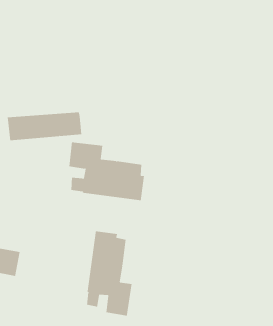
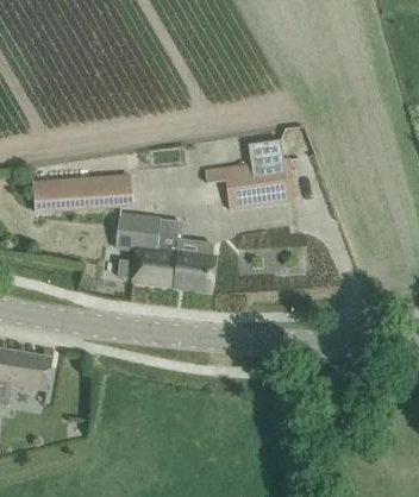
building: none -> [224,138,295,209]
building: [86,231,132,317] -> none

